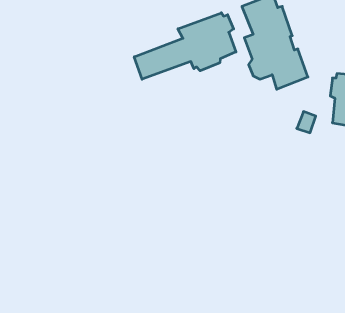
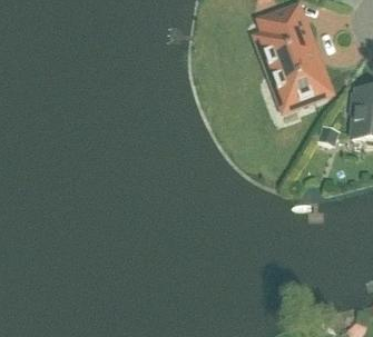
building: [134,13,236,79] -> none

